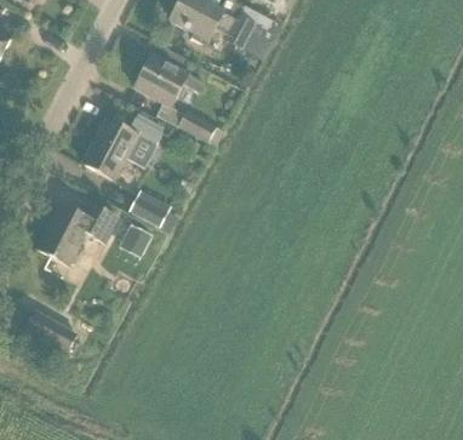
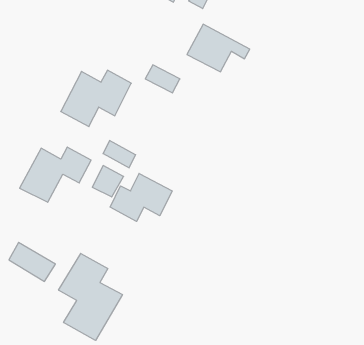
building: [135,53,205,107] -> [187,24,250,72]
building: none -> [110,173,172,221]
building: none -> [59,253,122,340]

